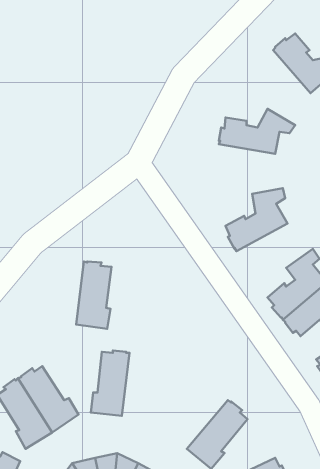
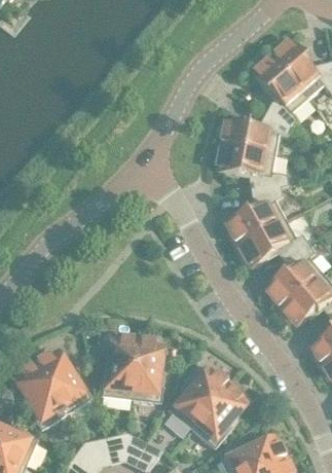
building: none -> [252,57,305,126]
building: none -> [217,144,288,190]
building: none -> [236,218,307,265]
building: [76,261,112,329] -> [130,338,162,401]
building: none -> [169,367,228,428]

